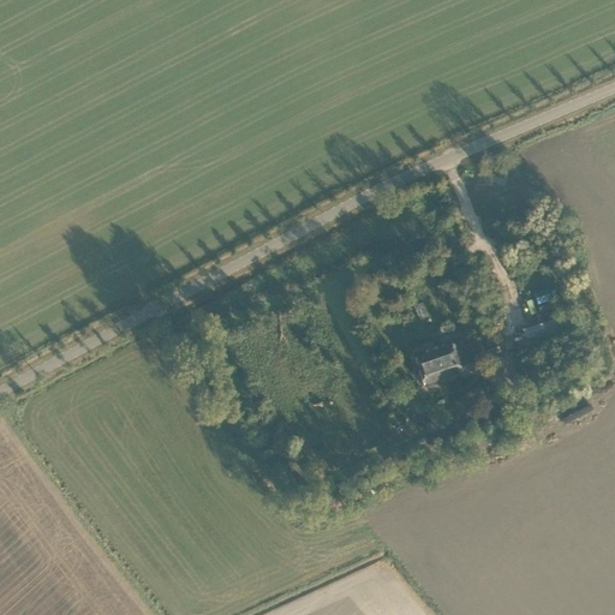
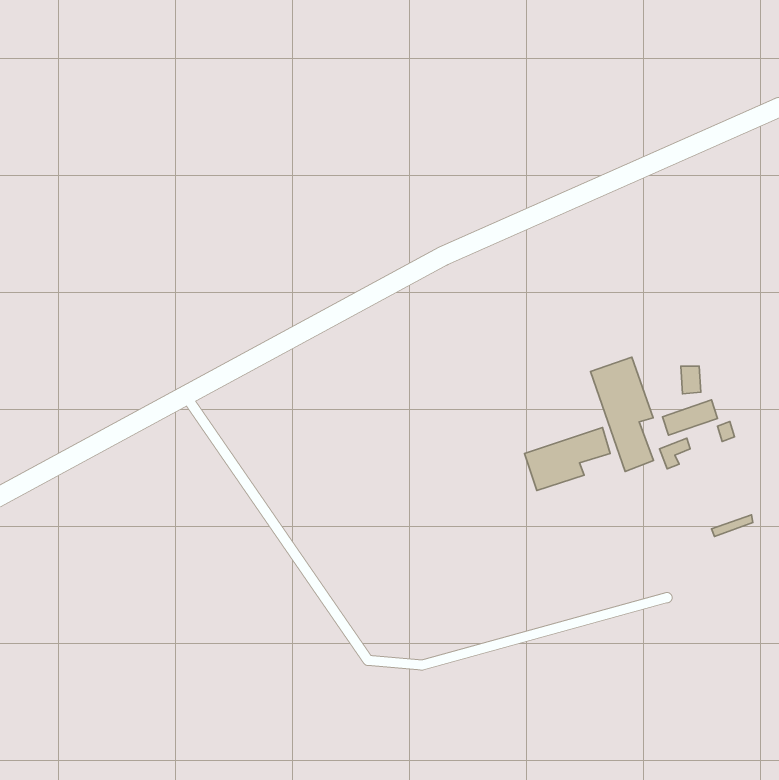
building: none -> [591,357,653,472]

